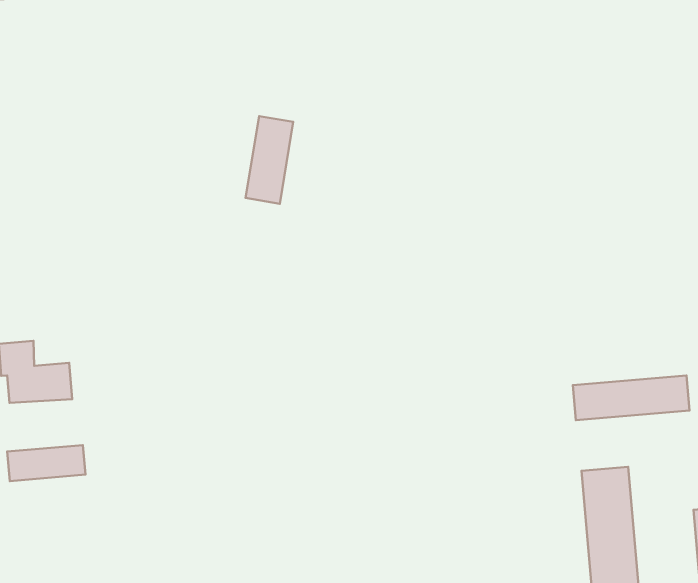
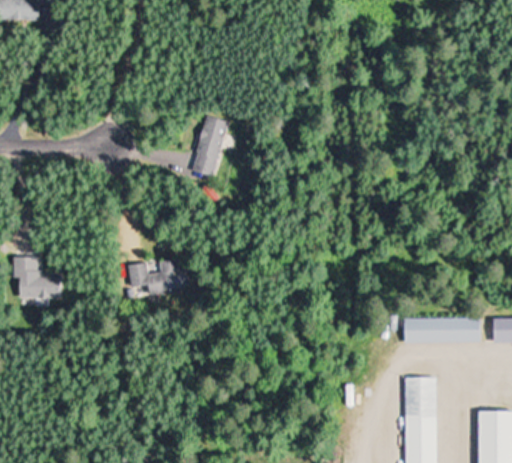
building: none -> [128,258,195,295]
building: [7,445,85,481] -> none

